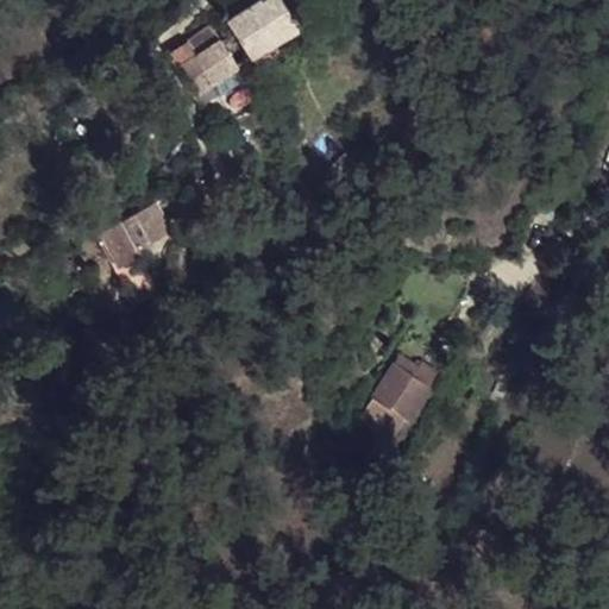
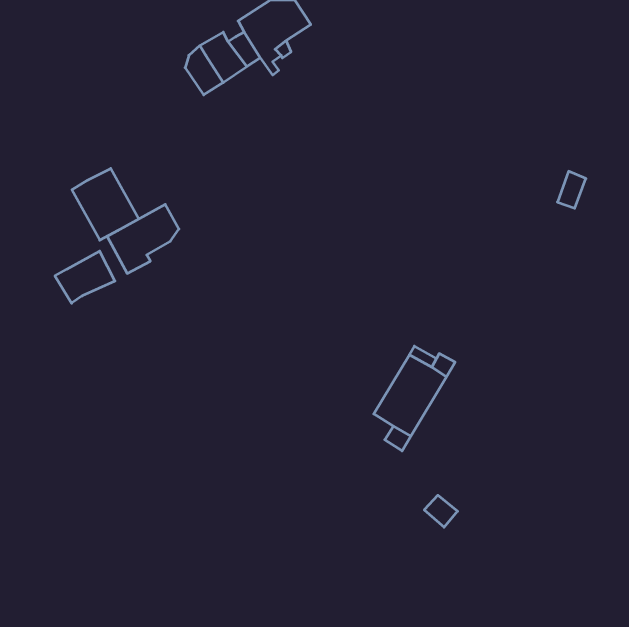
building: none -> [72,168,139,240]
building: none -> [55,251,115,303]

